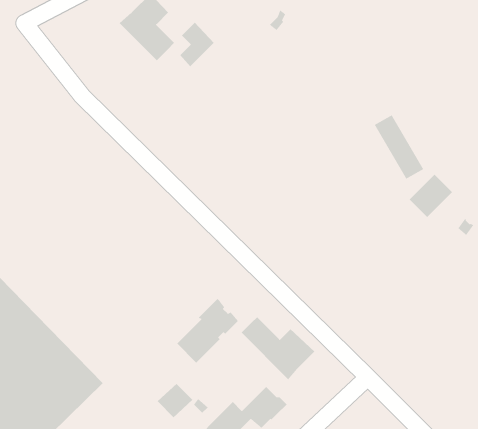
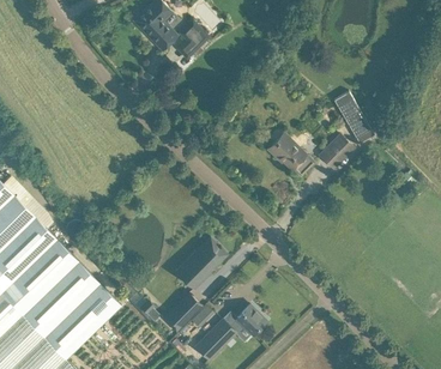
building: none -> [267,134,313,174]
building: [409,174,453,218] -> [319,133,354,168]
building: [241,316,315,380] -> none

